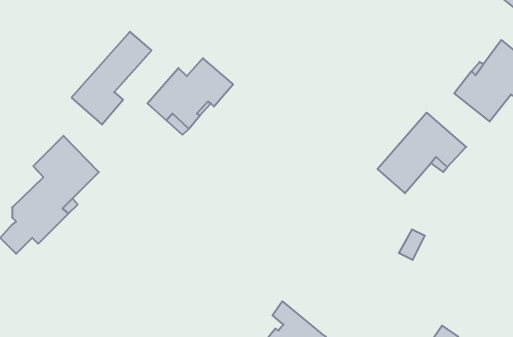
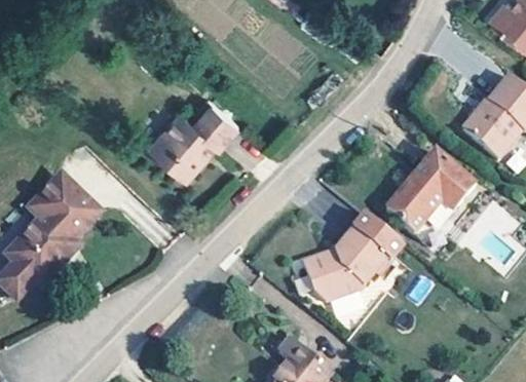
building: [72,32,151,125] -> none
building: none -> [299,209,401,299]

